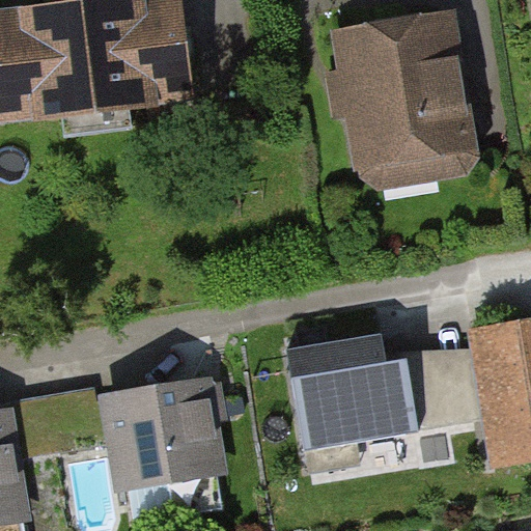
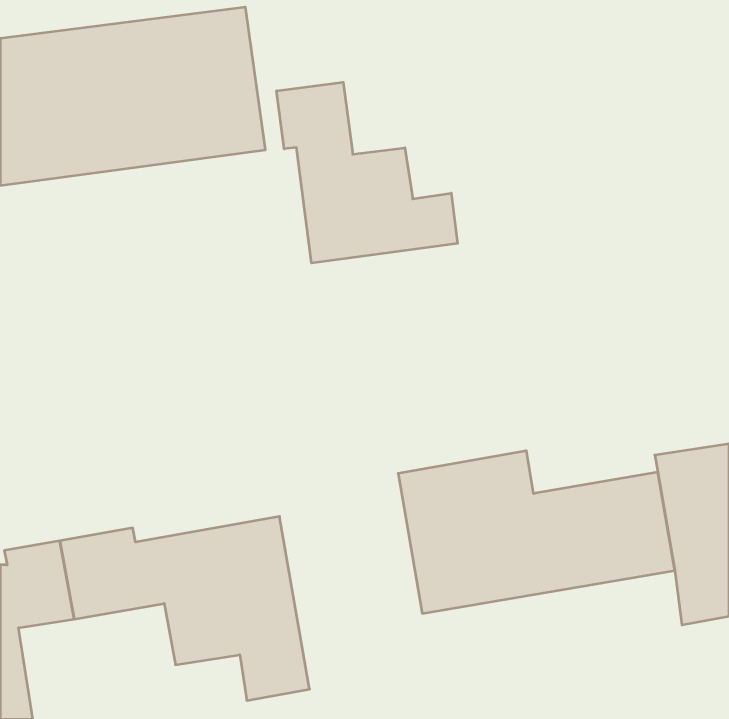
building: [331,15,469,184] -> none
building: none -> [277,82,458,263]

